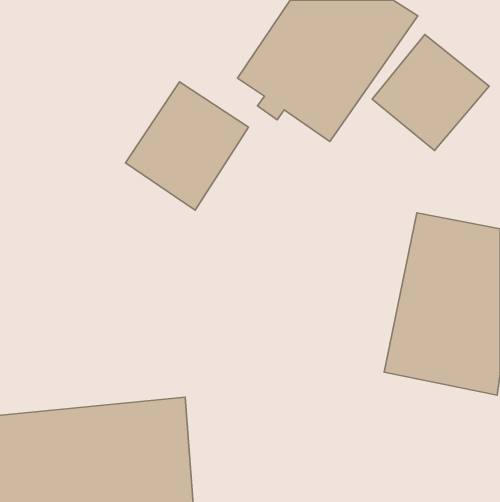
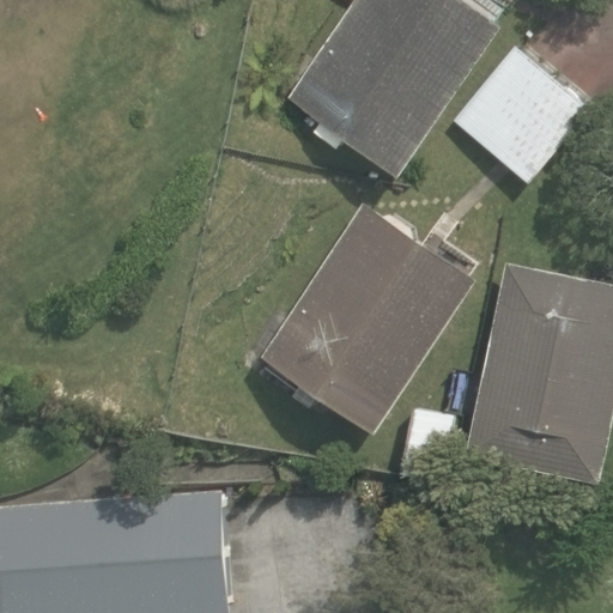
building: [126,82,248,210] -> none
building: none -> [259,200,480,433]

